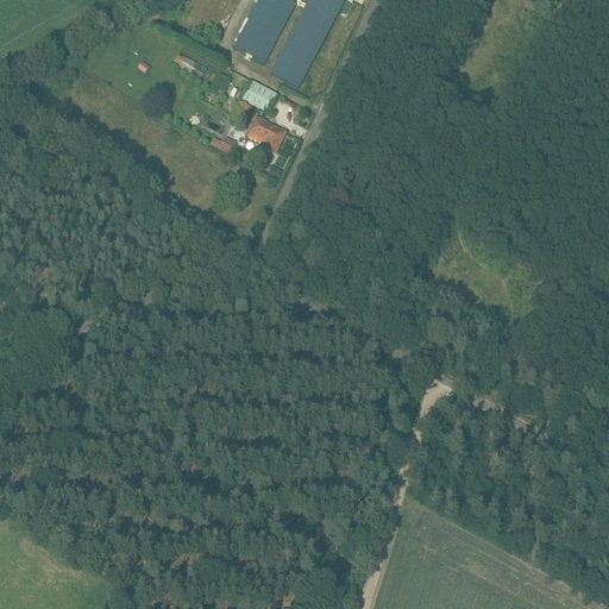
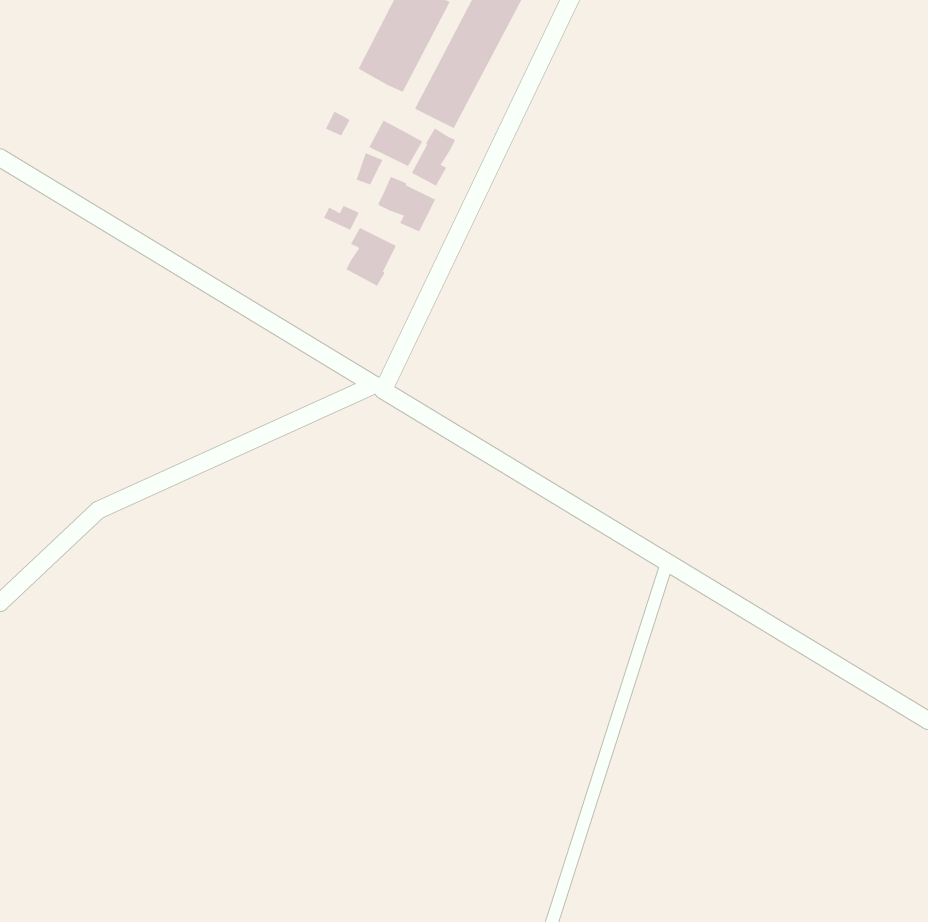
building: none -> [411,128,456,187]
building: none -> [346,227,397,286]

